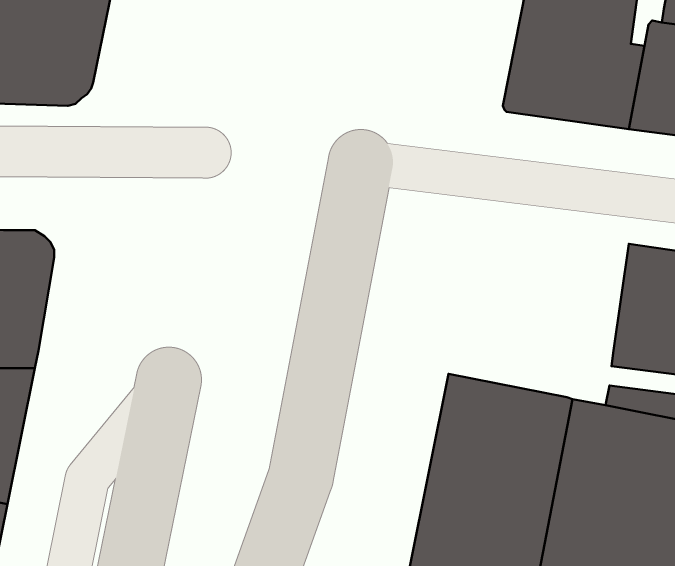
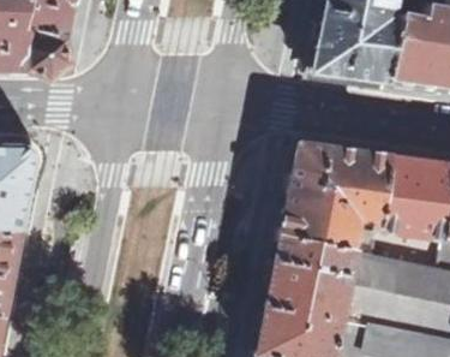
building: none -> [278,143,390,251]

